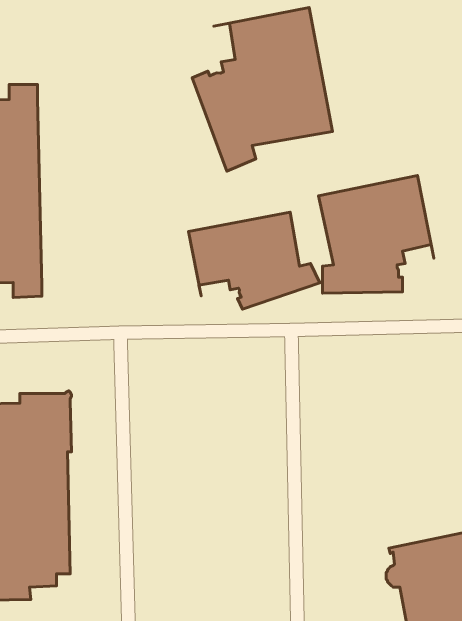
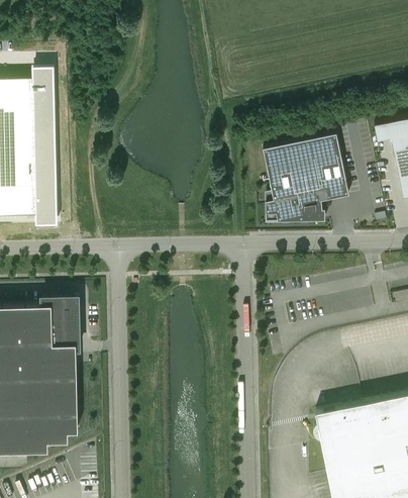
building: [192,8,333,171] -> none
building: [188,212,320,309] -> none

